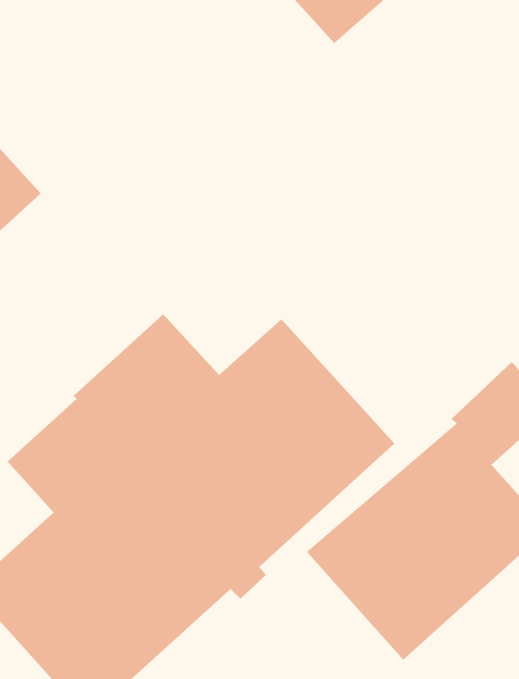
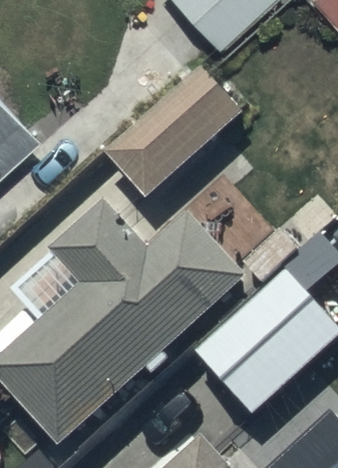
building: none -> [103,63,244,199]

